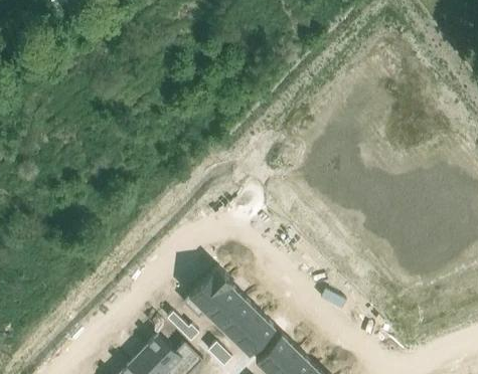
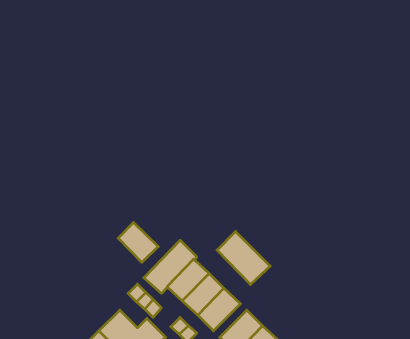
building: none -> [118,222,158,262]
building: none -> [217,231,270,285]

